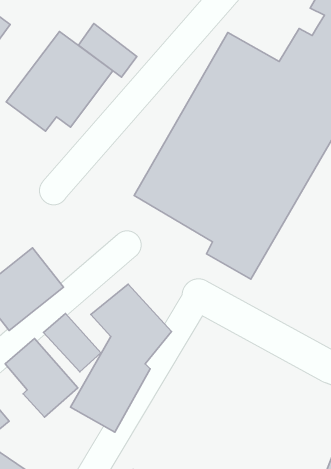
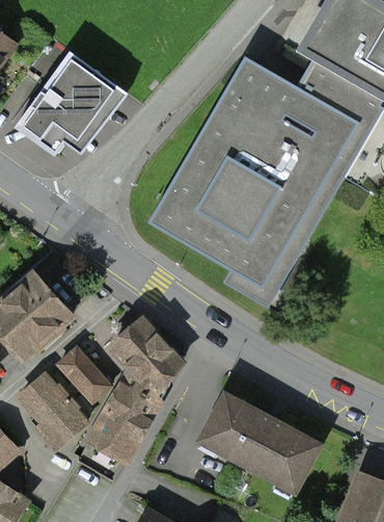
building: [79,24,137,77] -> none
building: none -> [197,389,326,495]

